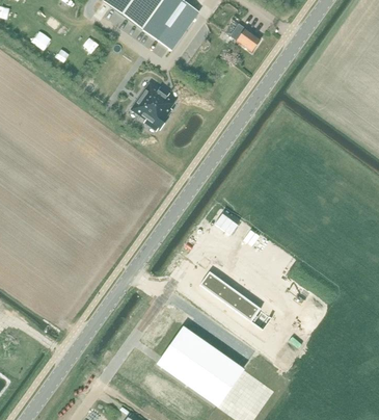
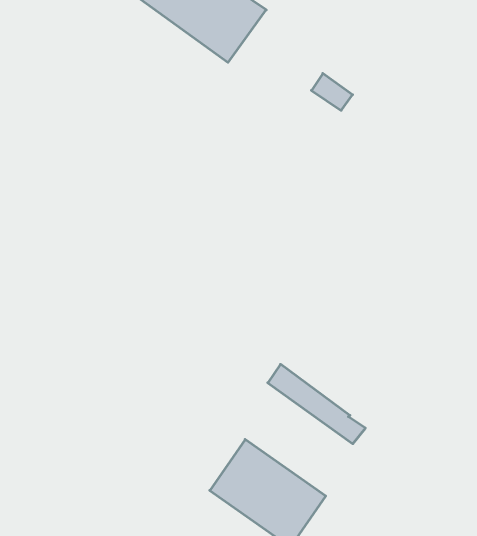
building: [231,24,261,51] -> [311,73,353,110]
building: [132,84,177,130] -> none

